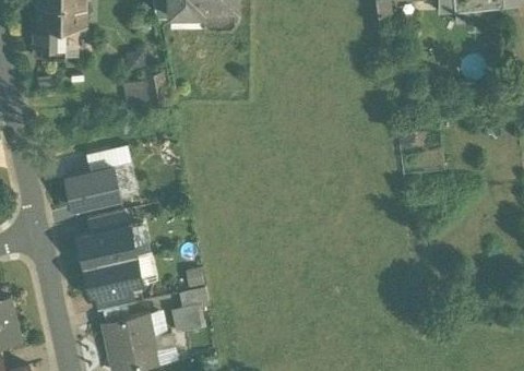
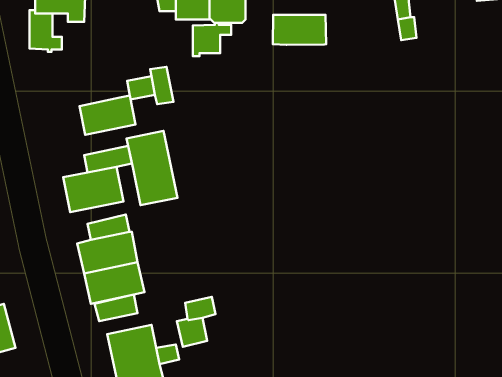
building: none -> [273,15,326,45]
building: none -> [193,23,231,56]
building: none -> [79,96,135,135]
building: none -> [127,131,178,205]

